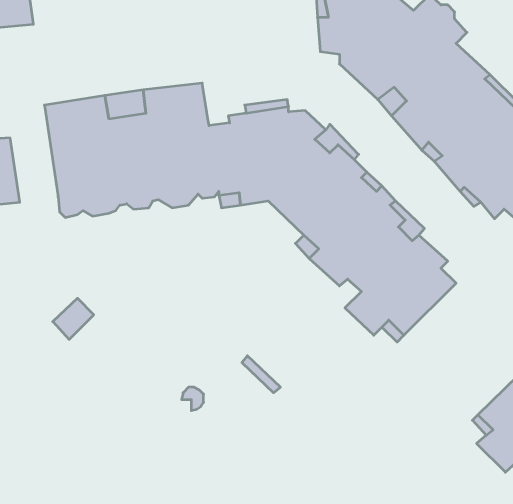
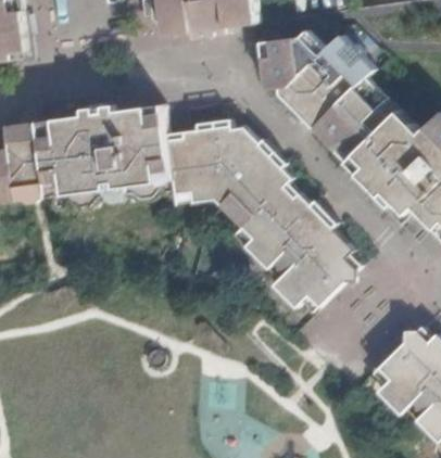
building: none -> [5,122,47,199]

